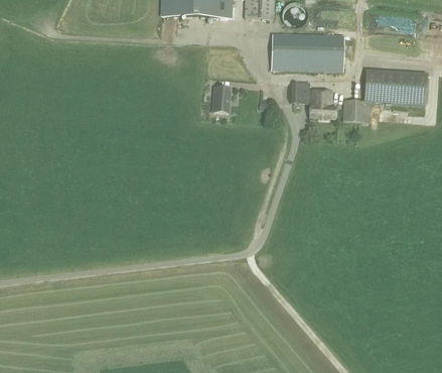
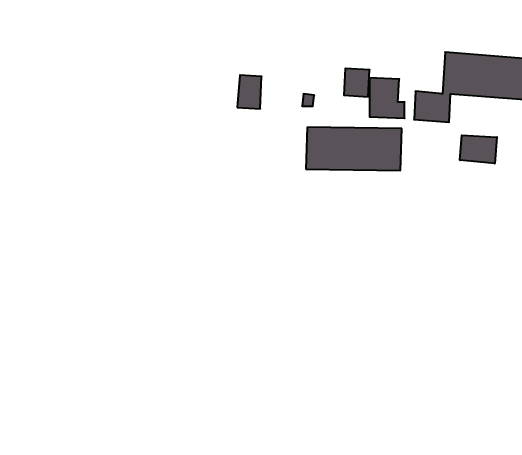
building: [271,35,342,68] -> [306,127,402,170]
building: none -> [460,135,497,164]

